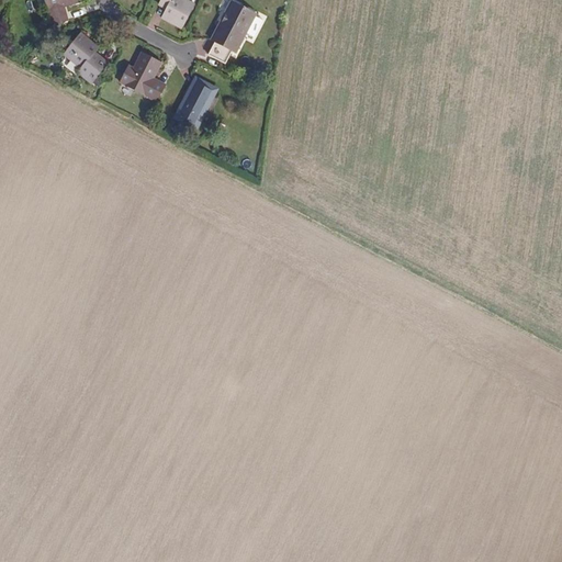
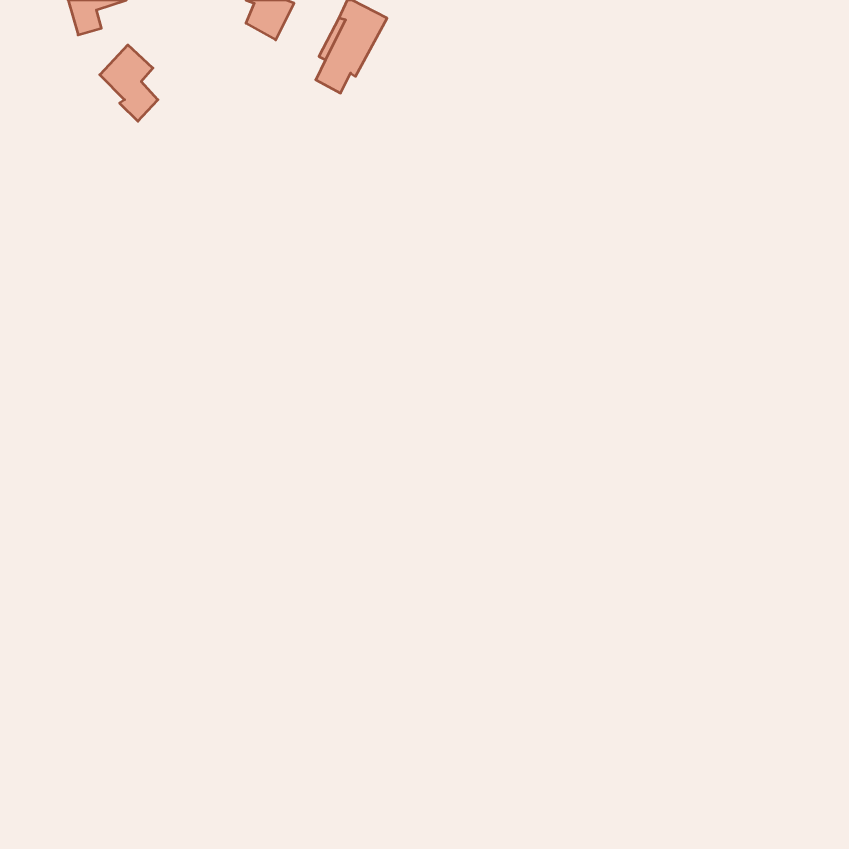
building: [121,52,165,100] -> none
building: [178,78,216,125] -> none

